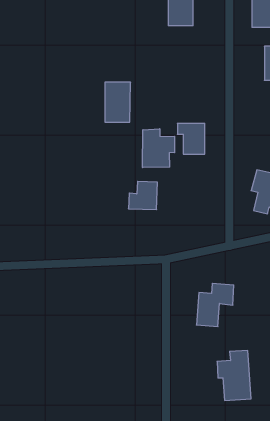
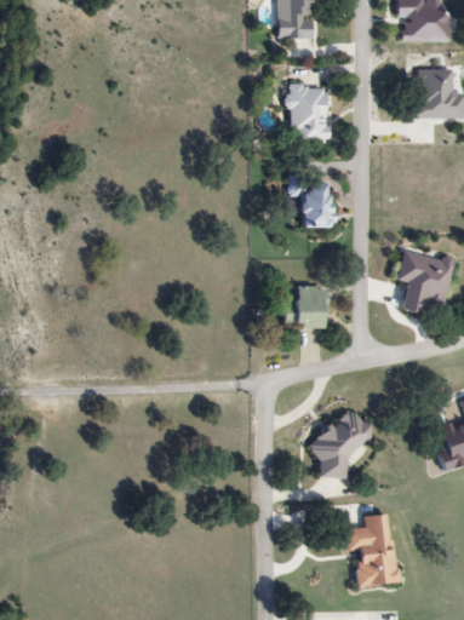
building: [105,82,131,122] -> [291,84,328,142]
building: [143,129,175,168] -> none
building: [128,181,157,210] -> [282,285,325,326]

